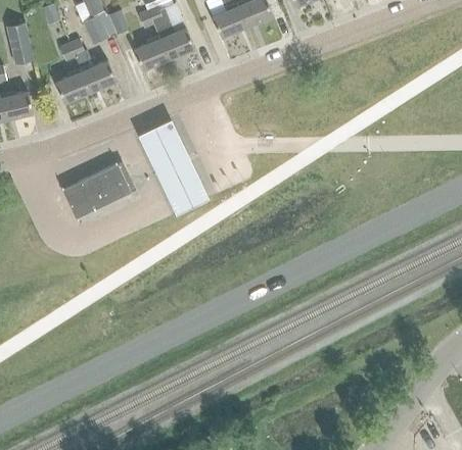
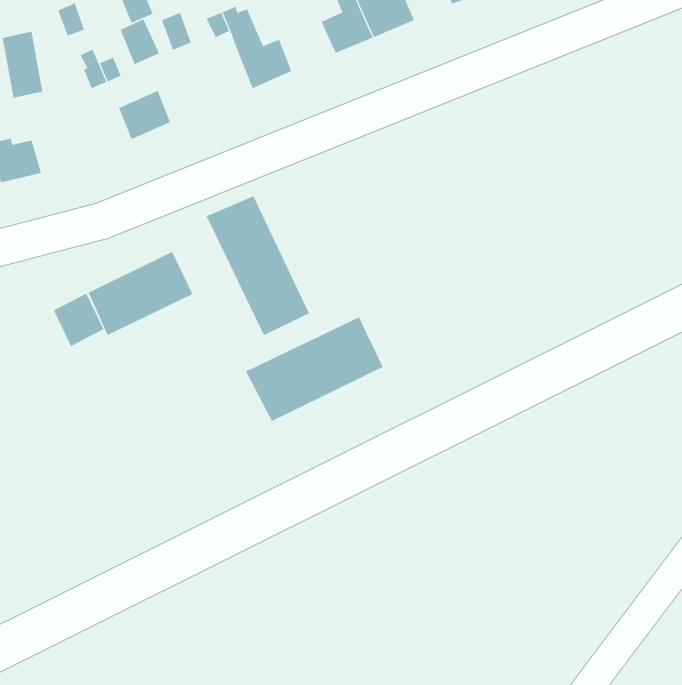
building: [134,33,168,68] -> none
building: [55,66,90,102] -> none
building: none -> [53,293,104,347]
building: none -> [245,316,383,422]

